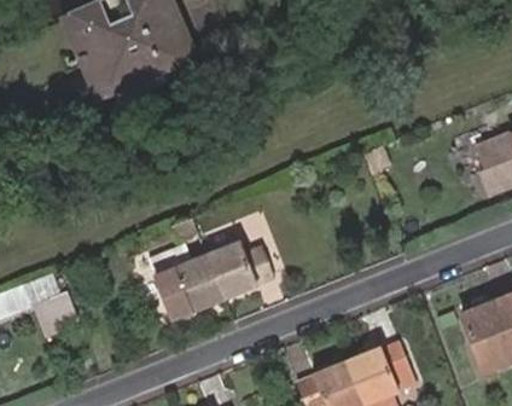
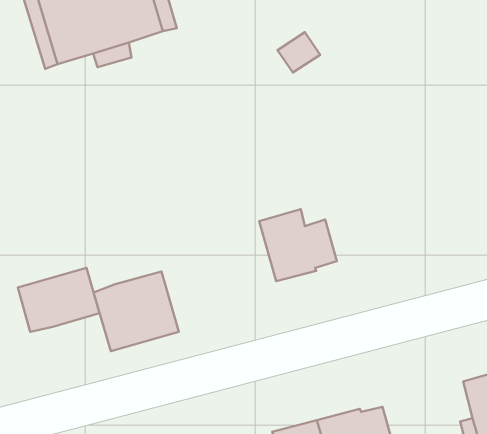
building: [206,239,273,300] -> [259,209,337,281]
building: none -> [18,268,99,332]

